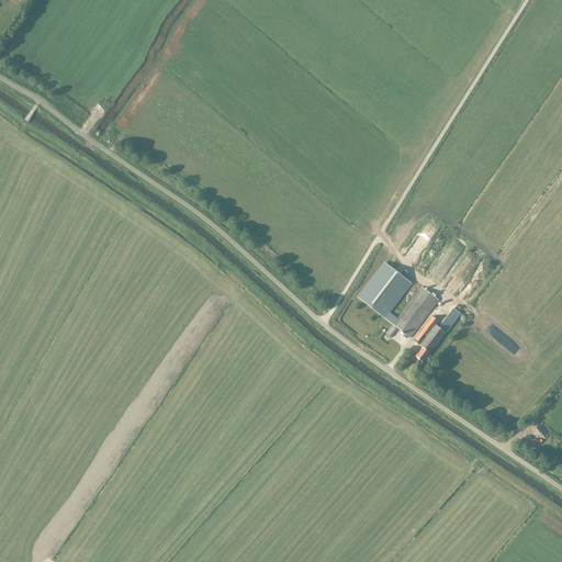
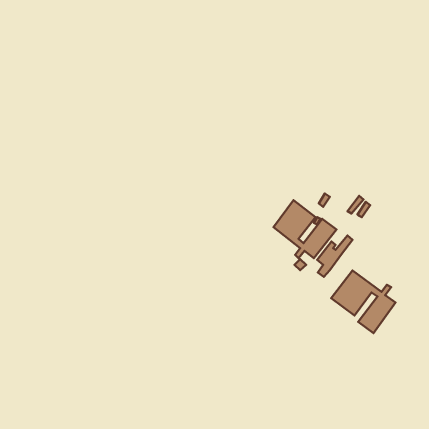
building: none -> [331,270,395,333]

